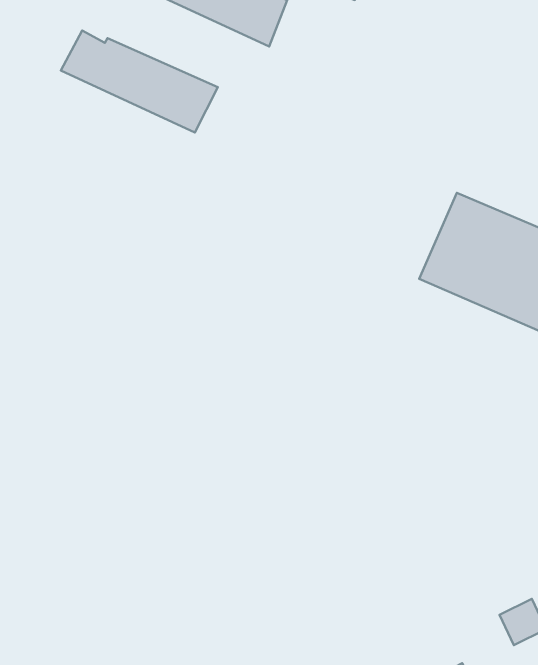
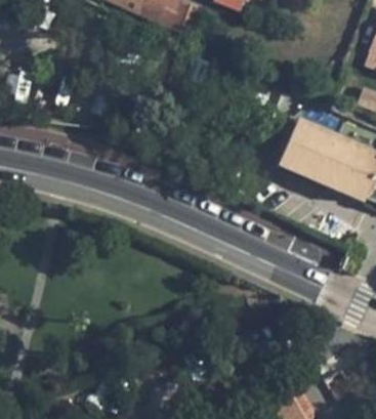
building: [61,31,218,133] -> none

